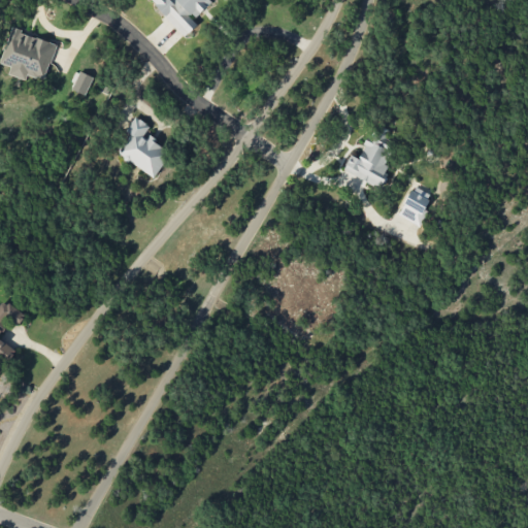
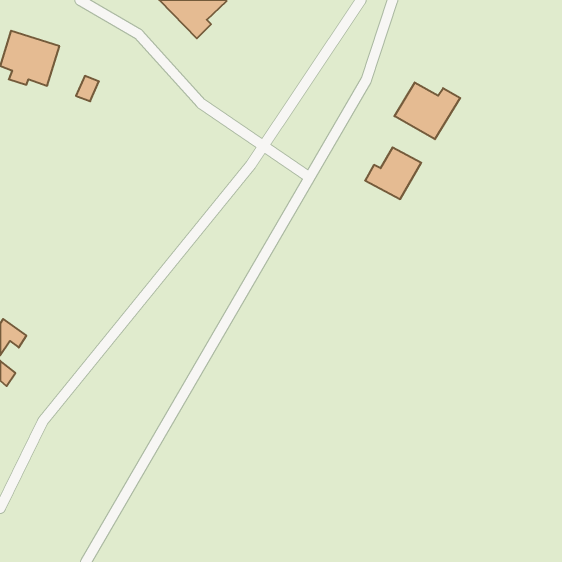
building: none -> [394,82,460,139]
building: [118,116,170,177] -> none
building: [399,186,431,225] -> none

